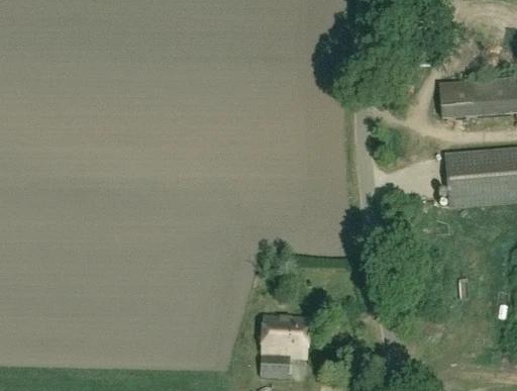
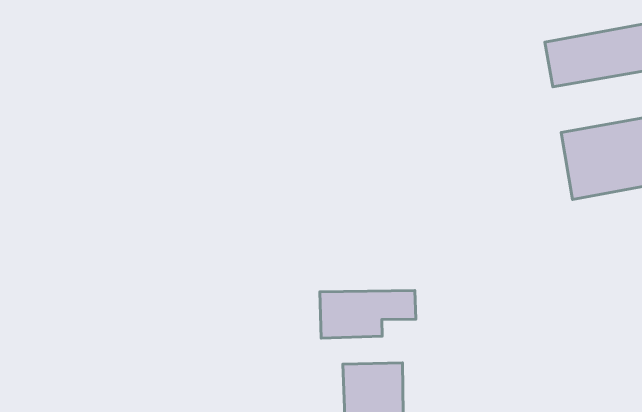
building: none -> [320,290,416,338]

